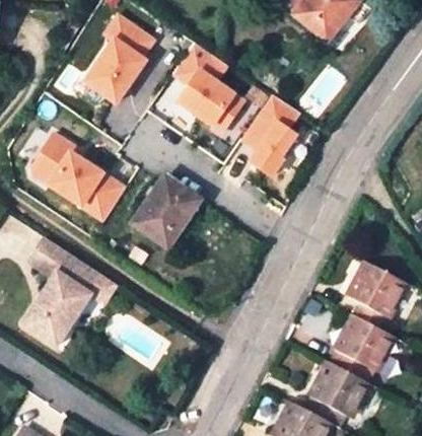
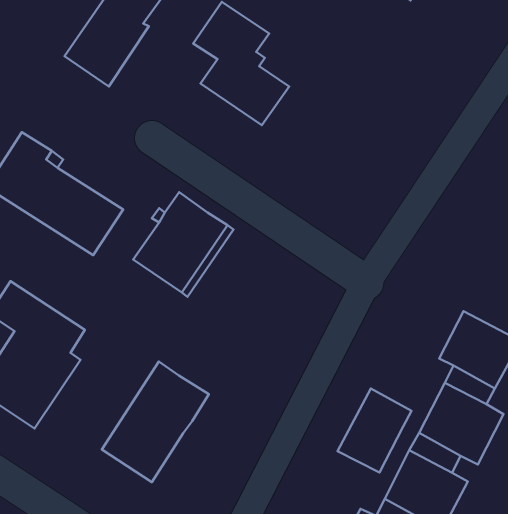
building: [242,93,300,175] -> none
building: none -> [102,362,209,482]
building: none -> [337,389,412,473]

